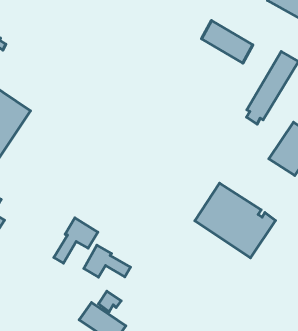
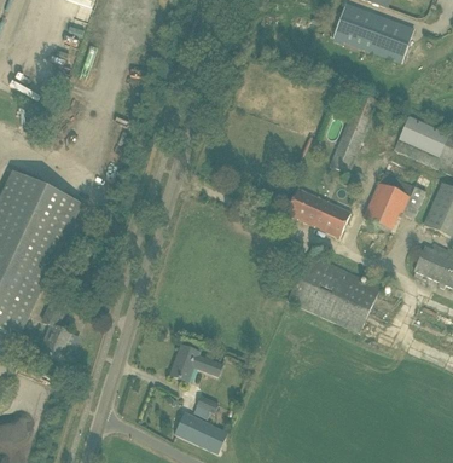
building: [201,21,253,63] -> none
building: none -> [285,187,349,236]
building: [54,218,98,263] -> none

